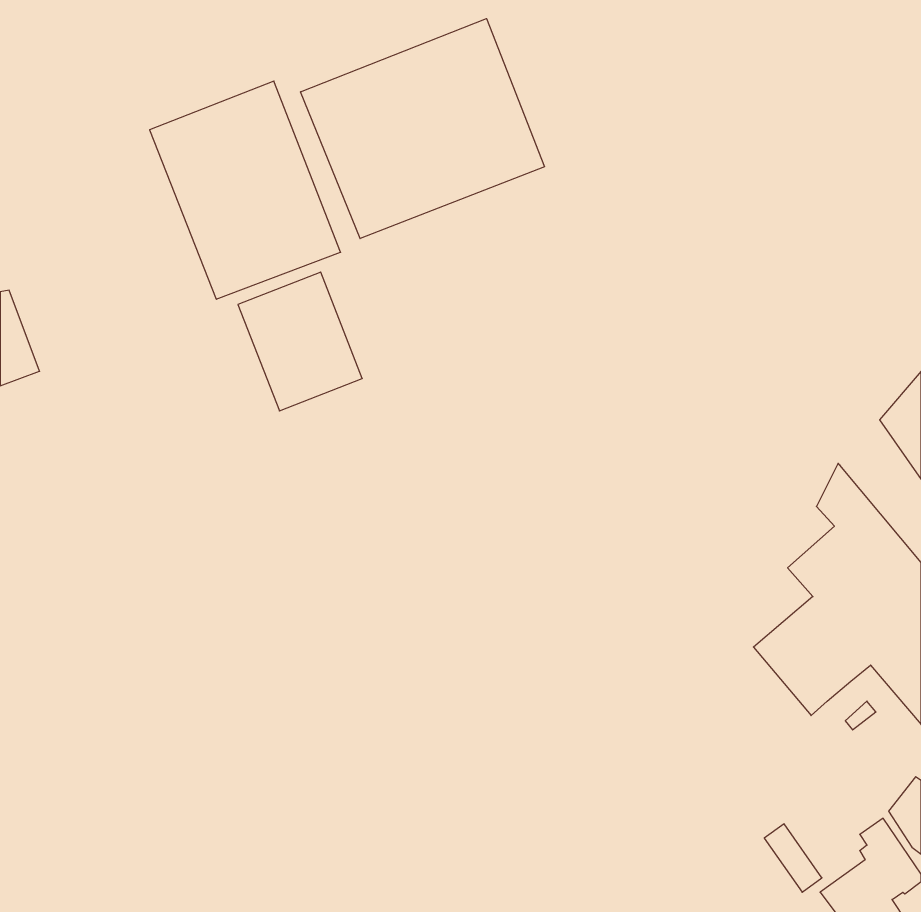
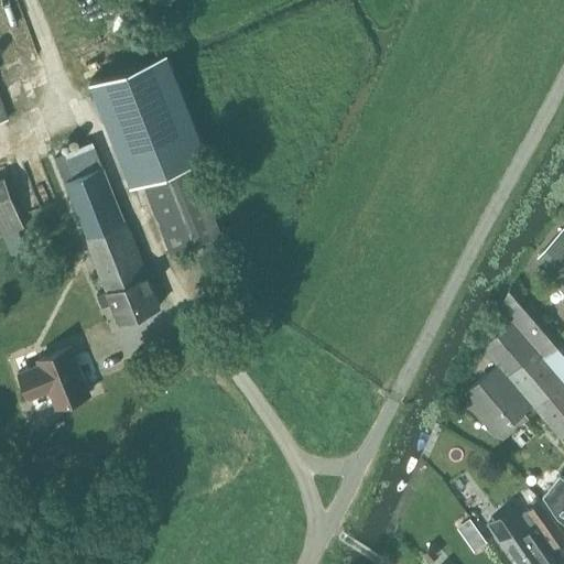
building: [301,19,545,239] -> none
building: none -> [54,147,160,328]
building: none -> [19,349,91,412]

